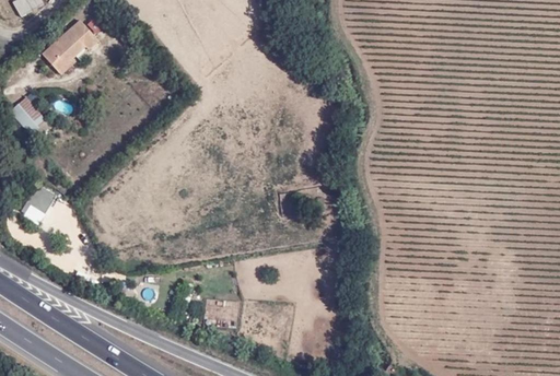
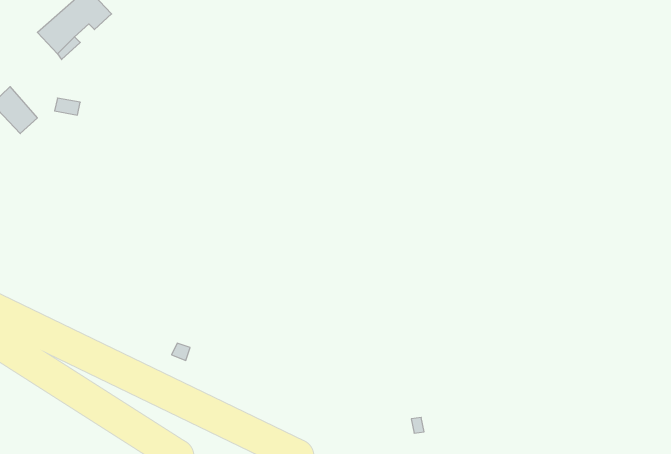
building: [22,185,57,215] -> none

